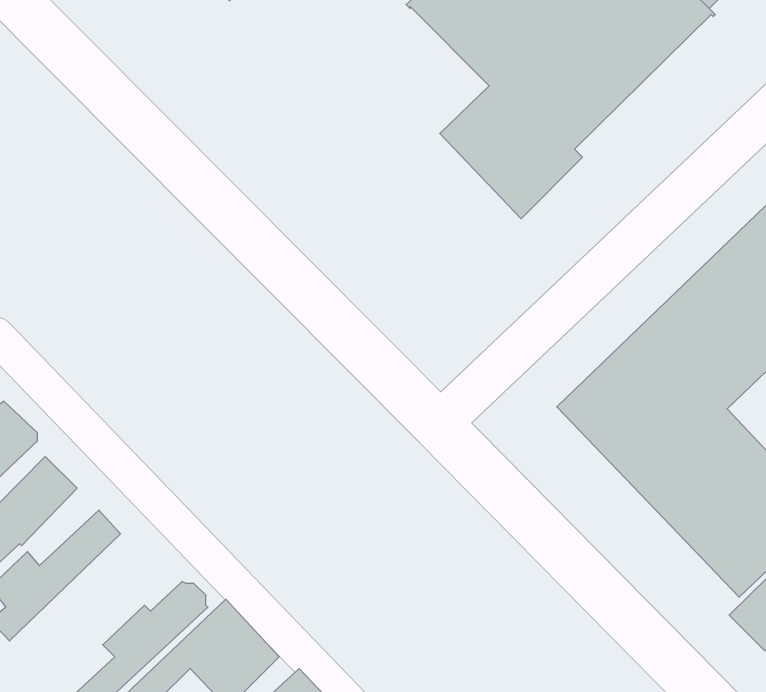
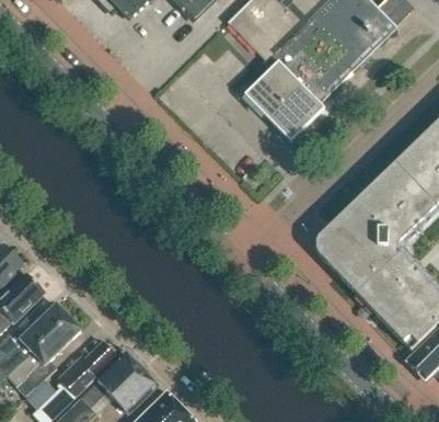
building: none -> [7,315,81,386]

